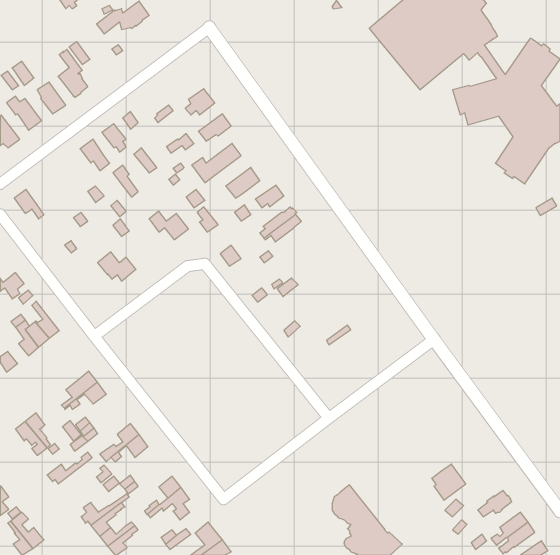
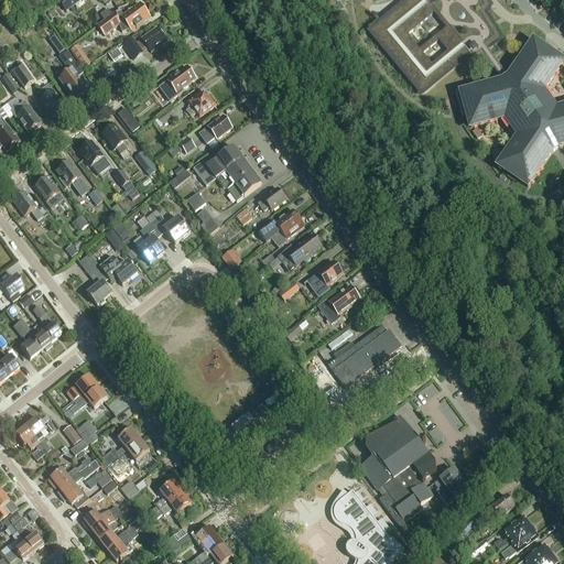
building: none -> [124,26,167,56]
building: none -> [159,65,196,100]
building: none -> [216,156,252,187]
building: none -> [56,160,89,195]
building: none -> [35,175,64,206]
building: none -> [138,220,164,262]
building: none -> [278,234,321,268]
building: none -> [78,252,111,303]
building: none -> [306,260,341,295]
building: none -> [317,284,358,324]
building: none -> [328,324,402,387]
building: none -> [360,414,433,527]
building: none -> [58,458,100,503]

